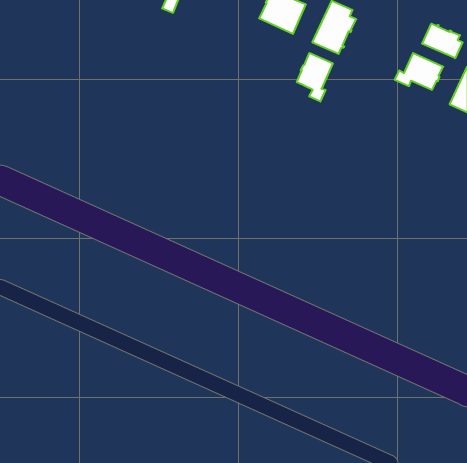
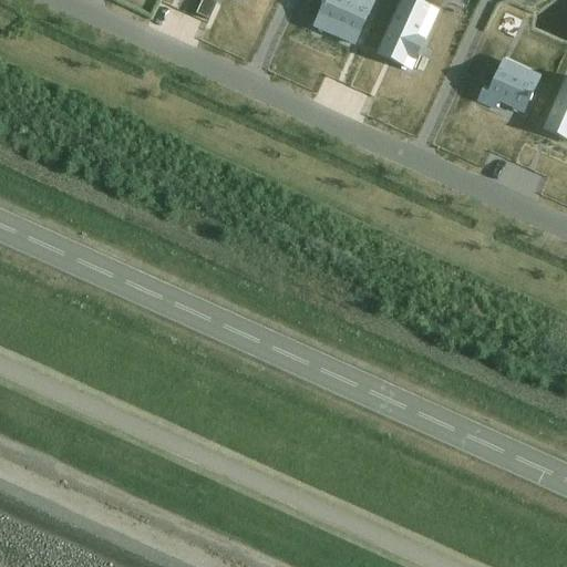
building: [422,24,463,58] -> none
building: [297,53,333,102] -> none

